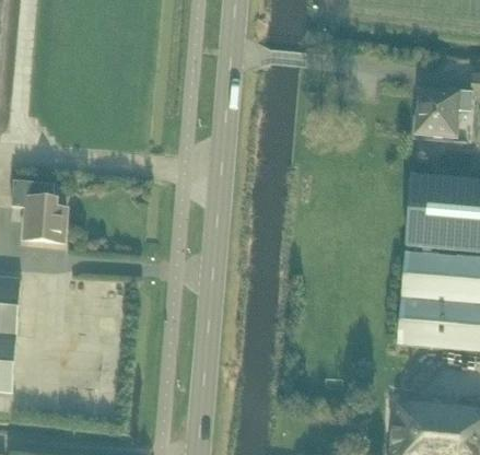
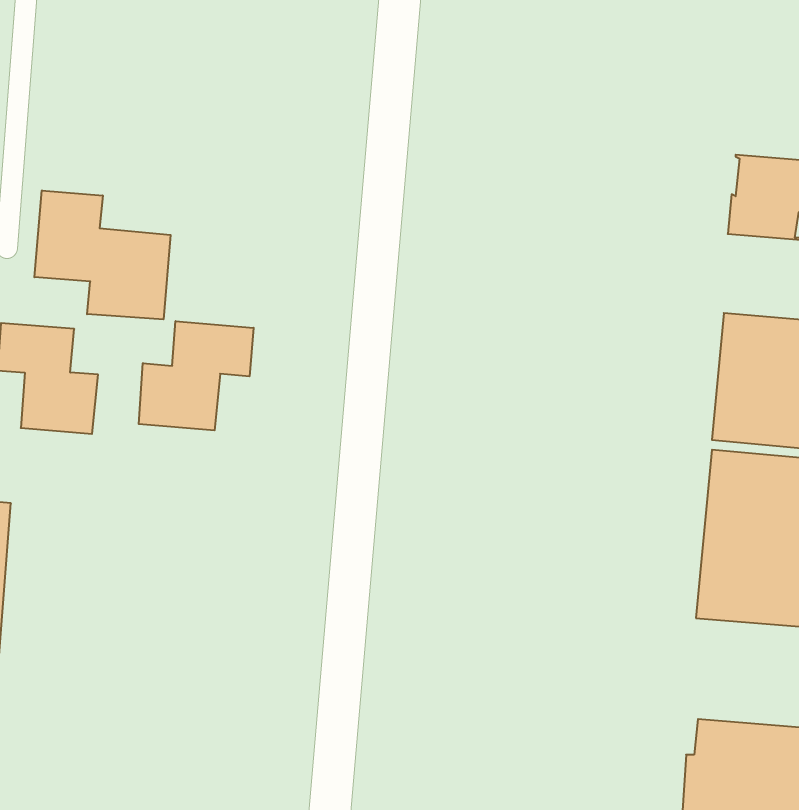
building: none -> [34,190,171,319]
building: none -> [139,321,254,430]

